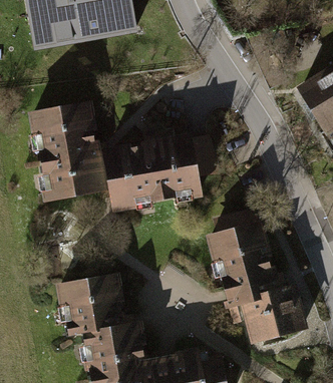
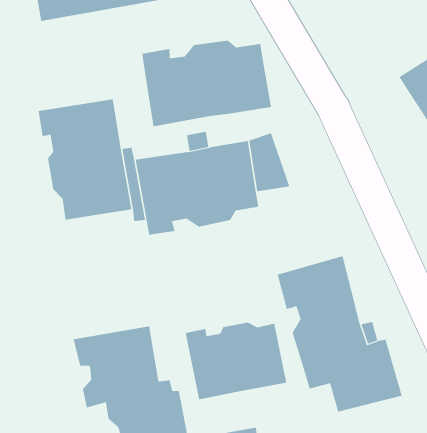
building: none -> [142,40,272,127]
building: none -> [185,322,287,400]

